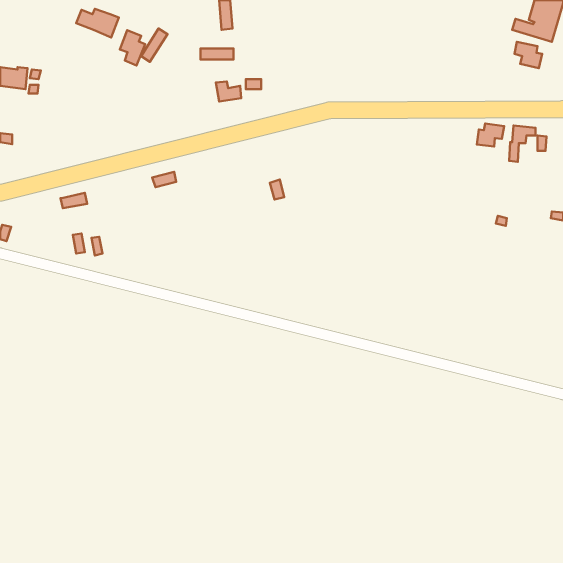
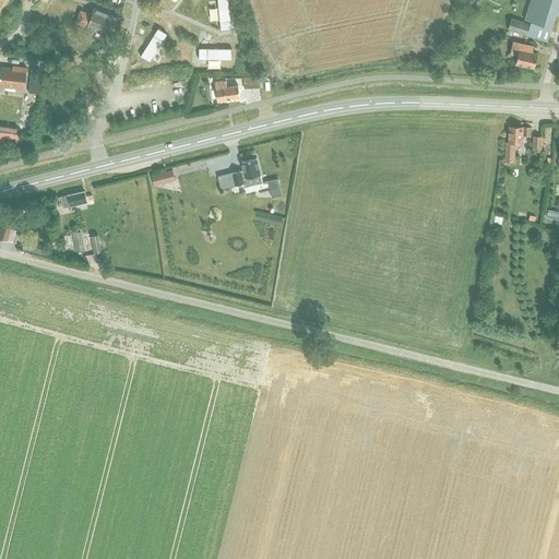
building: [120,30,145,66] -> none
building: [477,123,504,147] -> none
building: none -> [231,157,261,186]

